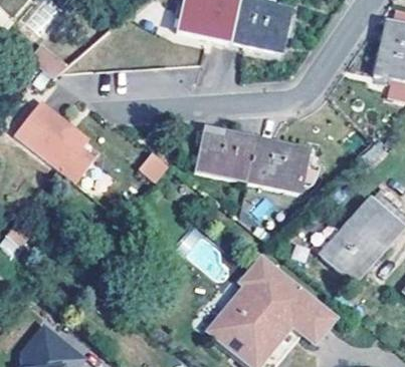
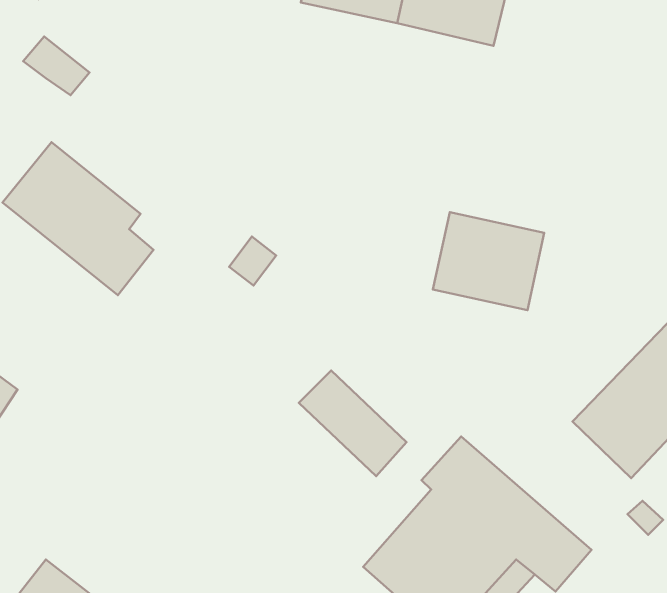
building: [197,128,256,180] -> none

